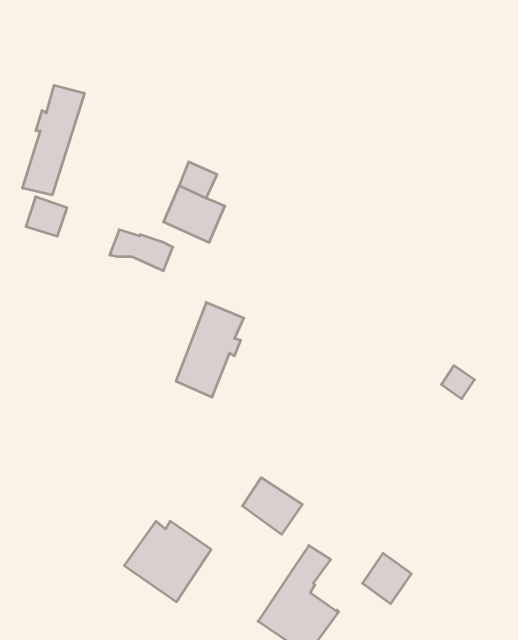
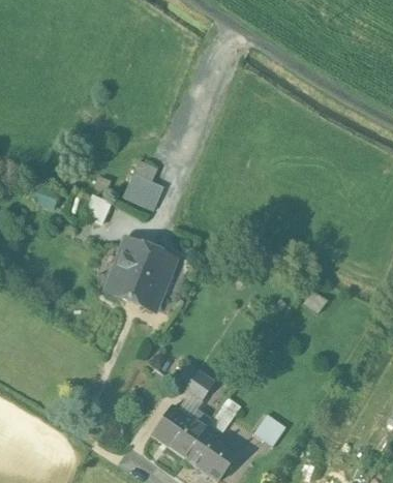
building: [23,85,84,195] -> none
building: none -> [103,235,151,301]
building: [124,521,211,602] -> [151,405,208,458]

